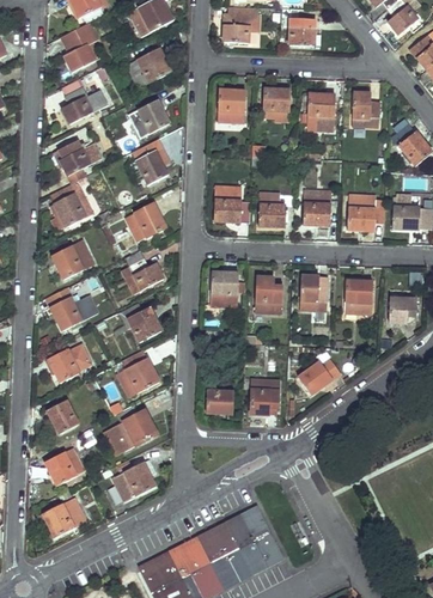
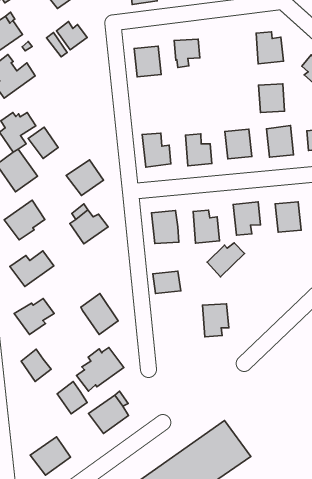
building: [306,92,335,124] -> [259,84,285,113]
building: [128,99,169,138] -> none
building: [135,151,166,184] -> [28,127,58,158]
building: [120,304,161,341] -> none
building: [298,359,340,393] -> [207,243,245,277]
building: [207,390,234,413] -> [153,271,181,293]
building: [45,451,77,486] -> [57,381,87,414]

